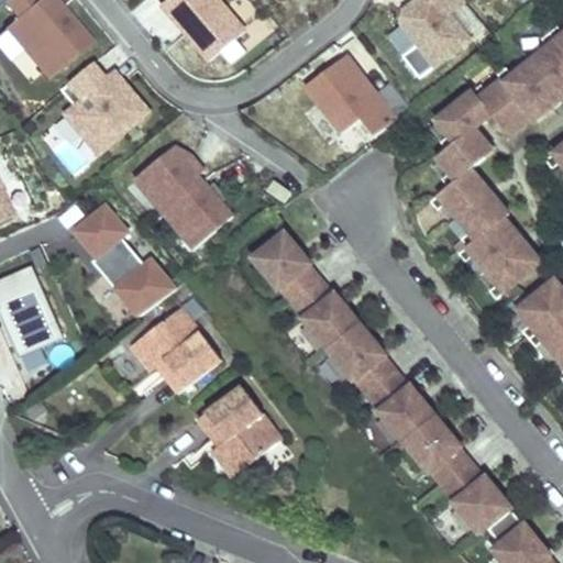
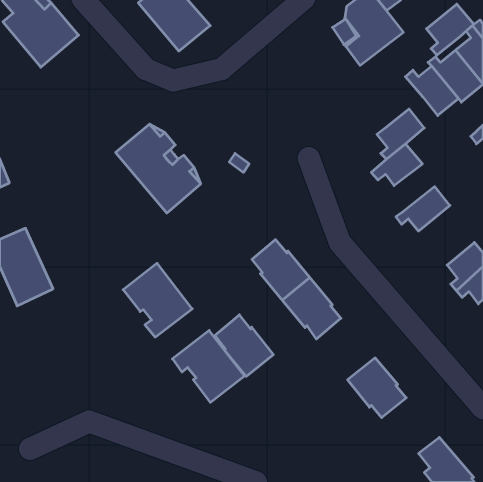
building: [303,53,395,135] -> none
building: [59,62,147,151] -> none
building: [435,89,490,148] -> [426,4,474,55]
building: [457,190,509,246] -> none
building: [74,203,175,316] -> none
building: [253,231,320,301] -> none
building: [486,239,541,298] -> none
building: [367,369,435,441] -> [215,315,273,376]
building: [443,462,511,533] -> none

